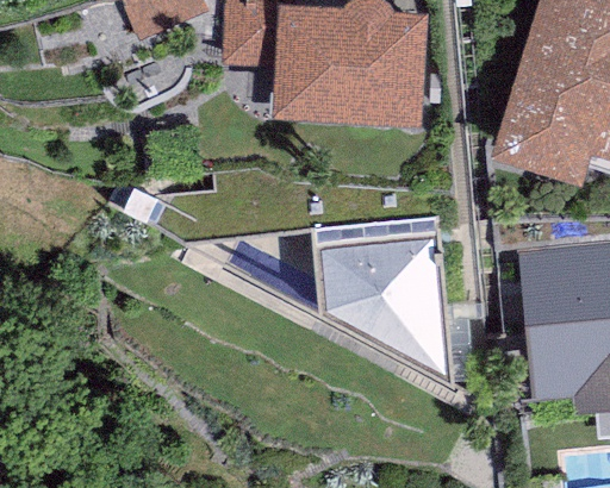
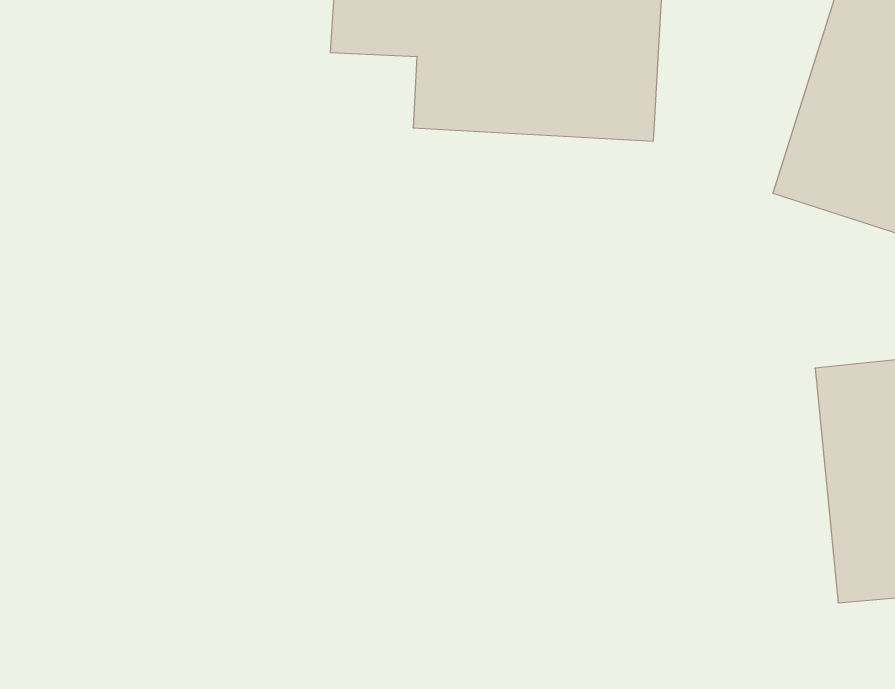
building: [312,217,455,384] -> none

